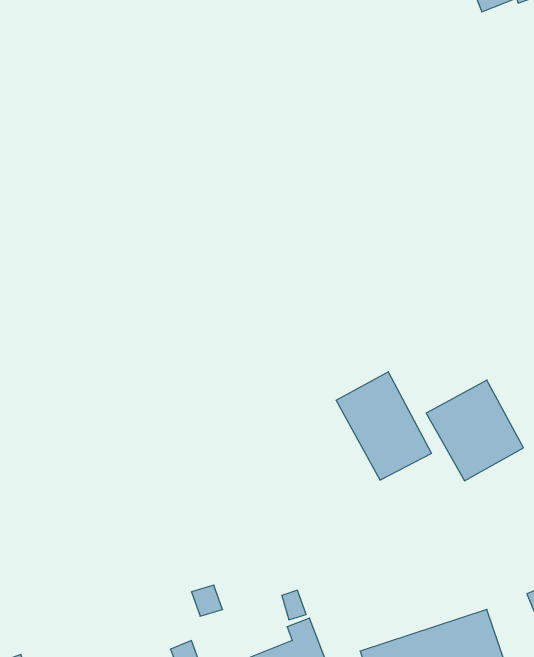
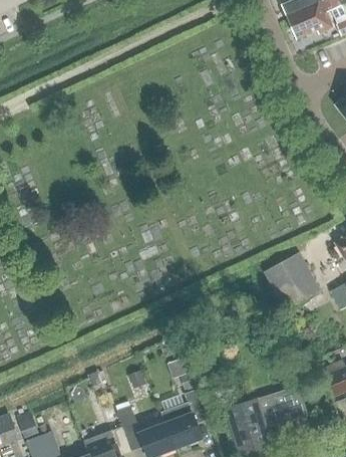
building: [336,372,431,480] -> none

